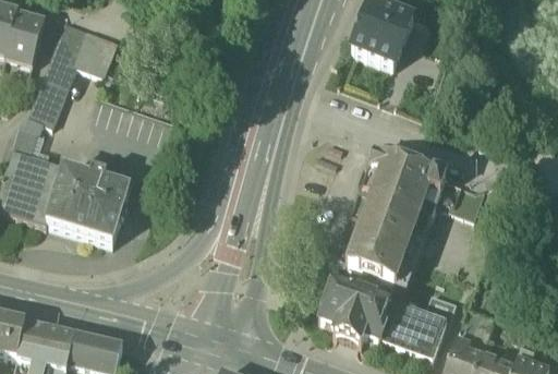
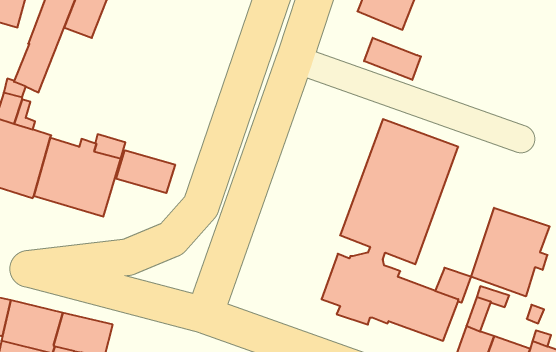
building: none -> [364,38,421,80]
building: none -> [116,150,175,193]
building: none -> [471,208,550,296]

